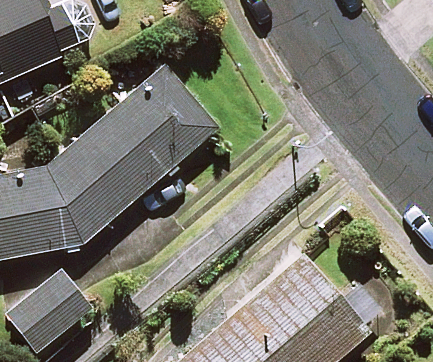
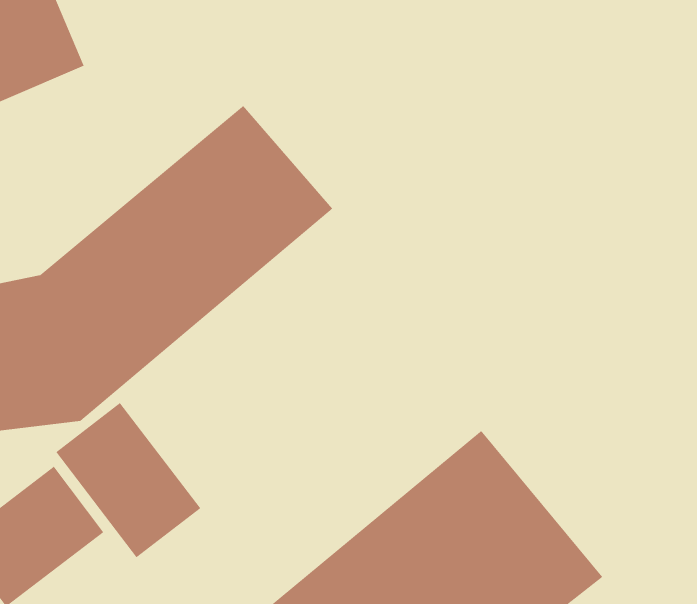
building: none -> [55,402,201,558]

